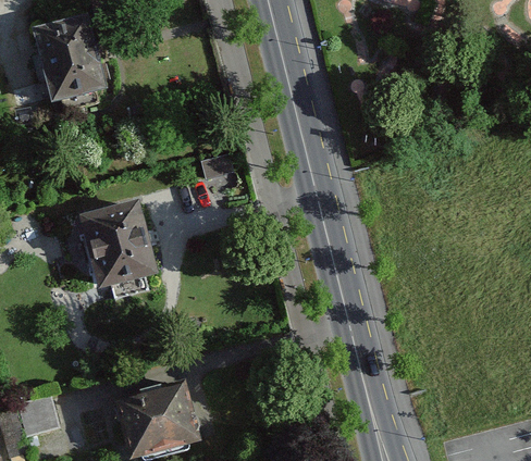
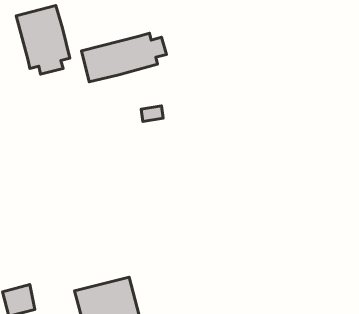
building: none -> [81,33,166,82]
building: [79,200,157,291] -> none

